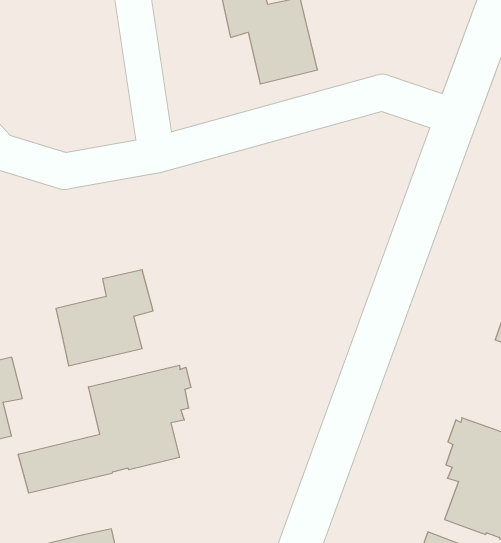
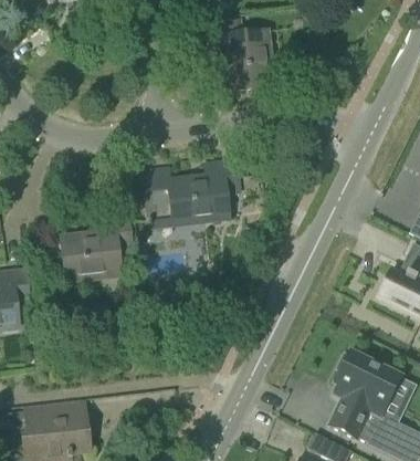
building: none -> [141,159,240,226]
building: [18,365,191,493] -> none

